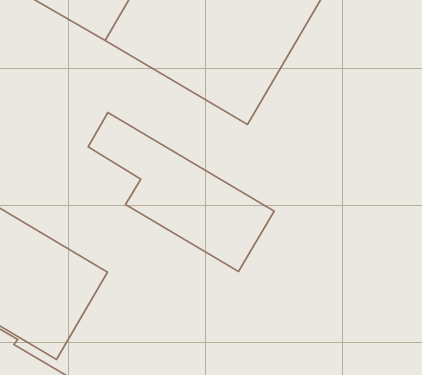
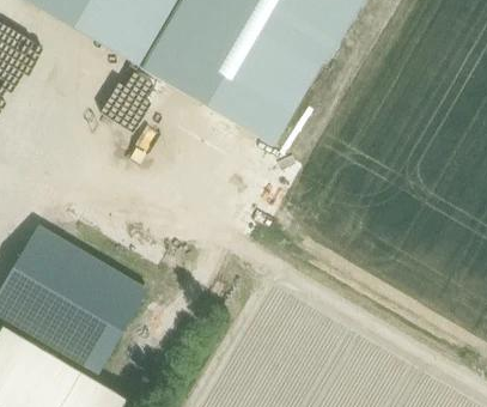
building: [88,113,274,272] -> none

